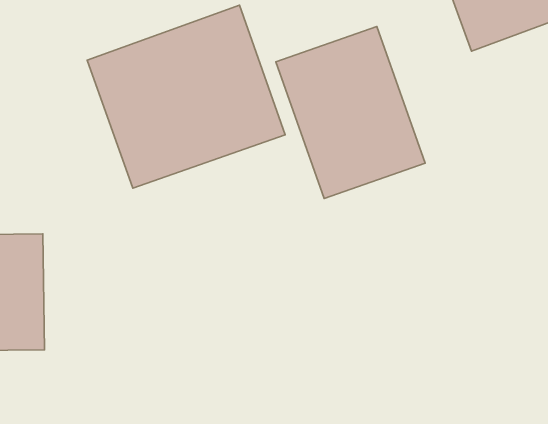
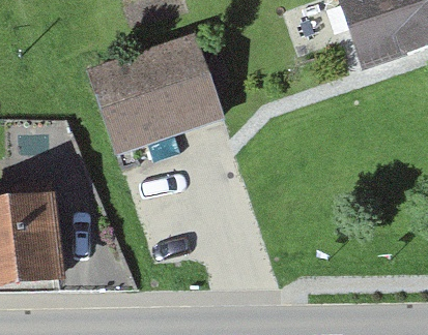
building: [276,27,425,199] -> none

